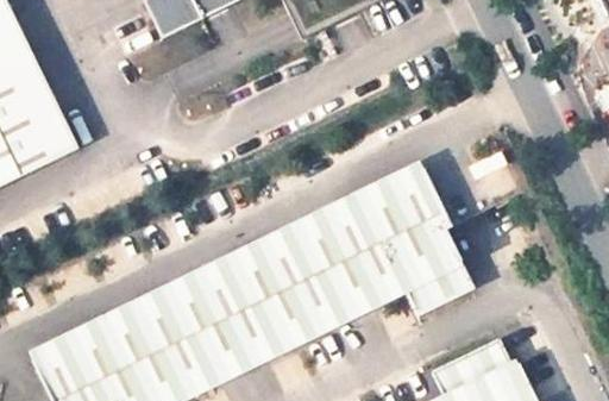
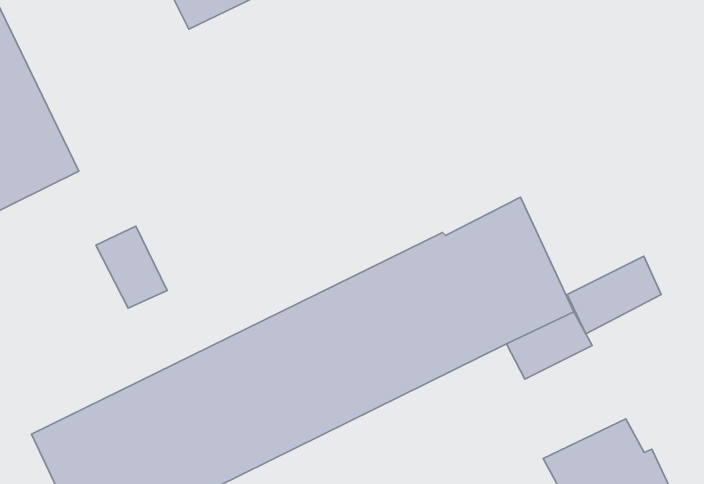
building: none -> [96,226,167,308]
building: none -> [567,256,661,334]

